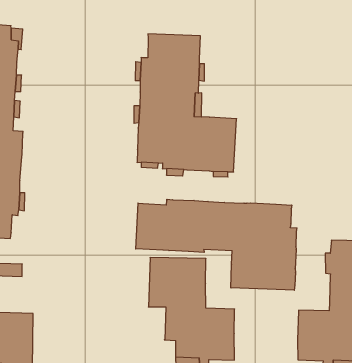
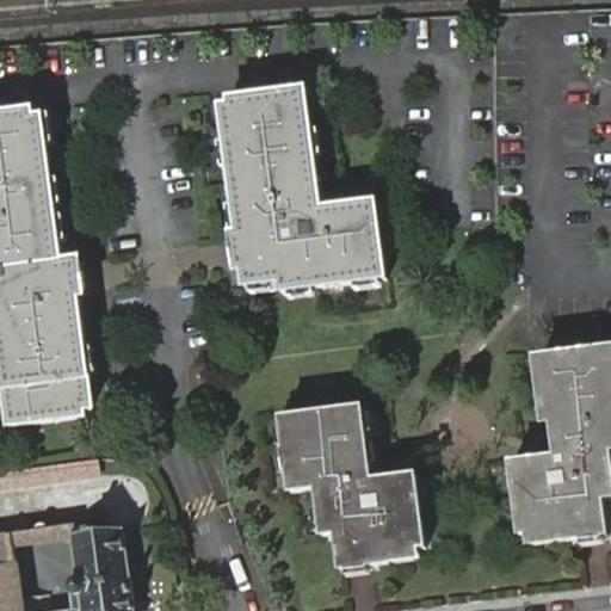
building: [136,199,297,290] -> none

